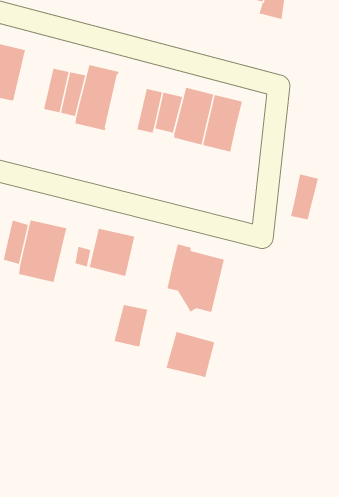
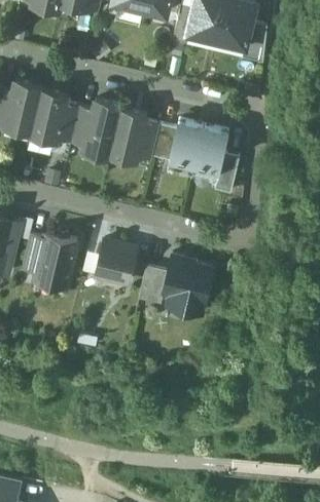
building: none -> [29,89,67,141]
building: none -> [110,110,147,161]
building: [290,173,319,220] -> [215,153,240,193]
building: [114,304,148,347] -> [138,267,168,304]
building: [166,331,216,378] -> none

